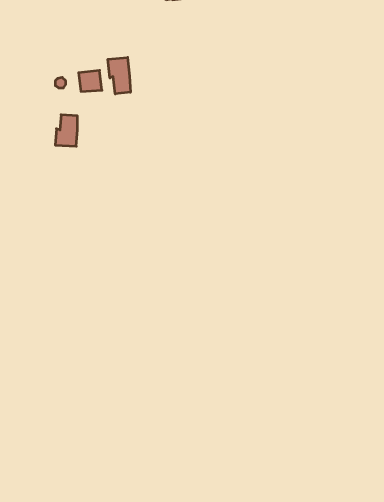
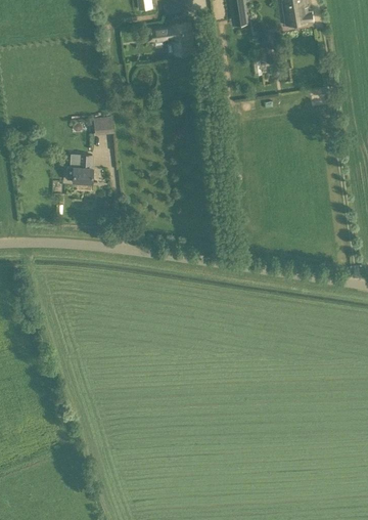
building: [108,57,130,94] -> none

